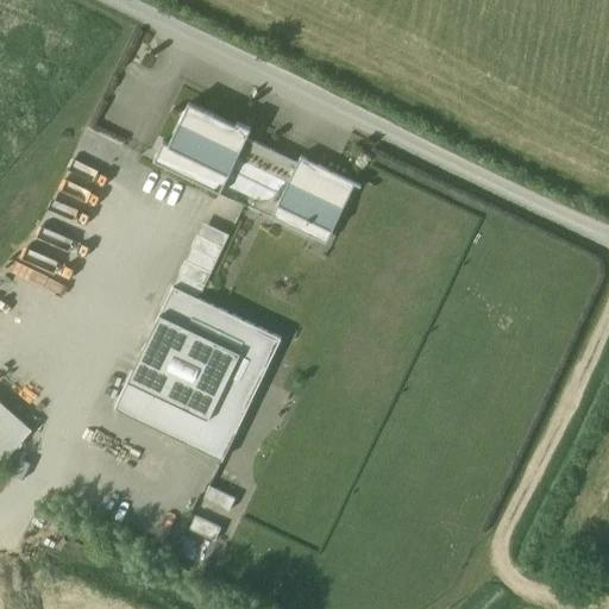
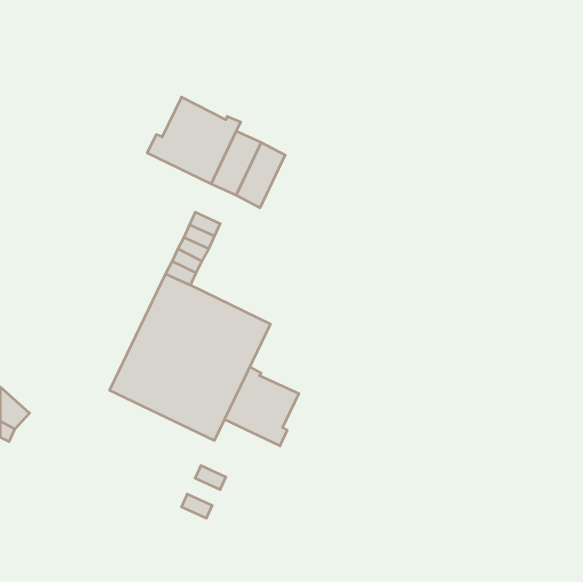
building: [271,156,360,237] -> none
building: none -> [225,367,299,446]

